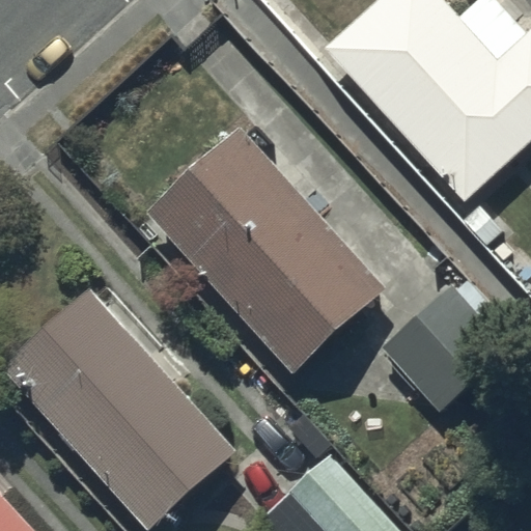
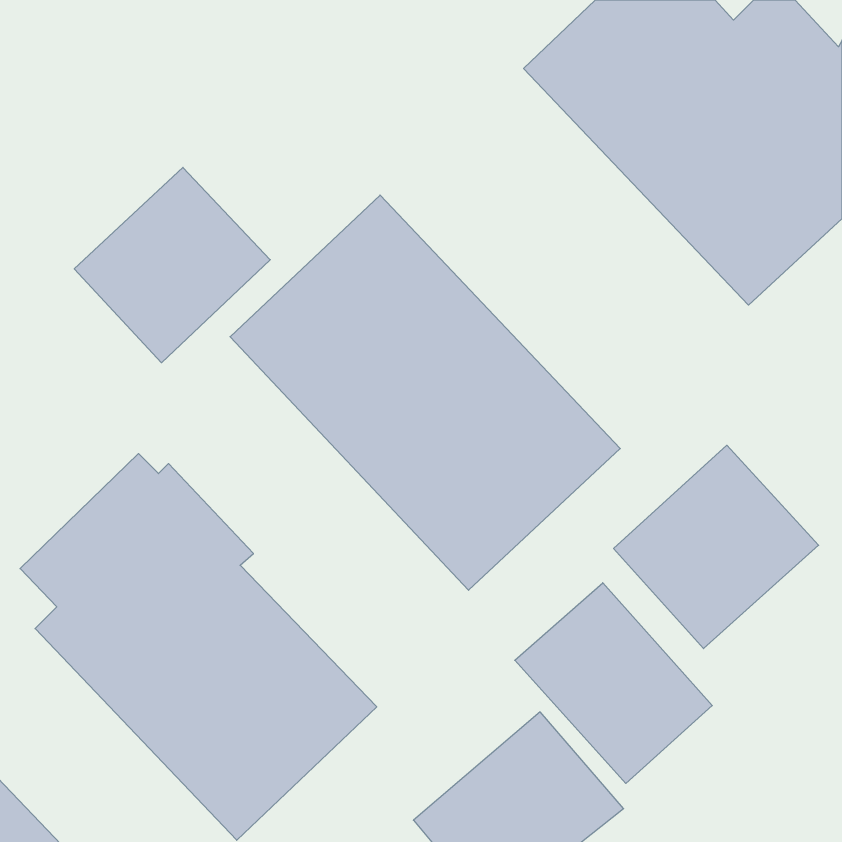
building: none -> [74,167,270,363]
building: none -> [515,583,712,783]

